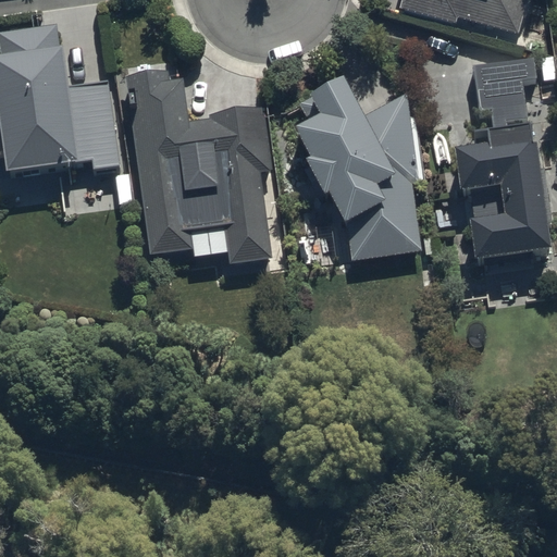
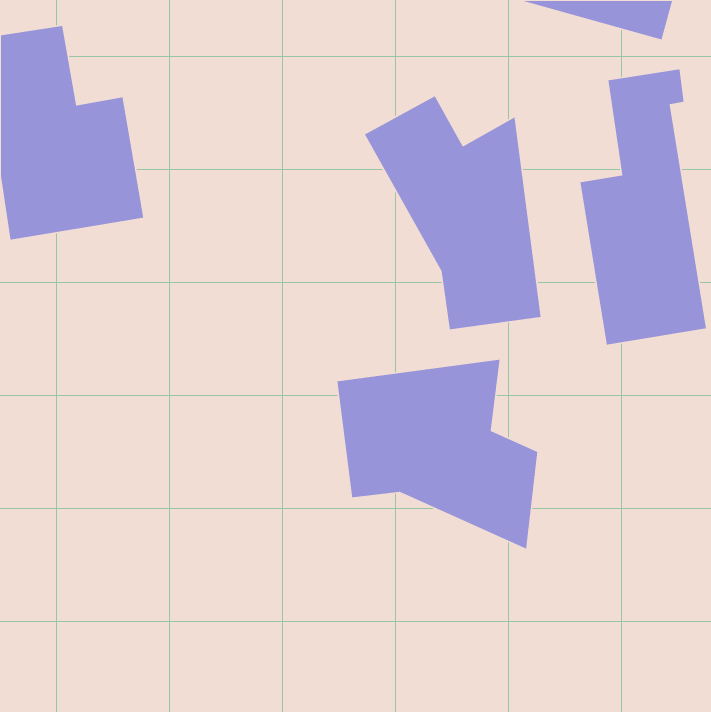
building: [126,63,275,263] -> none
building: none -> [337,359,538,550]

